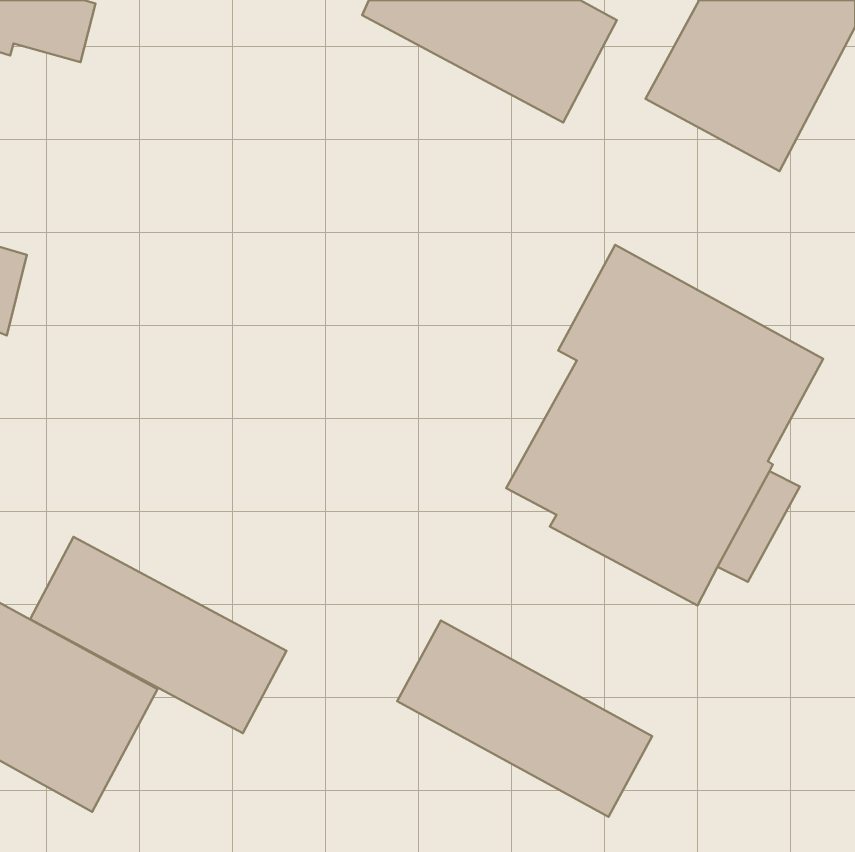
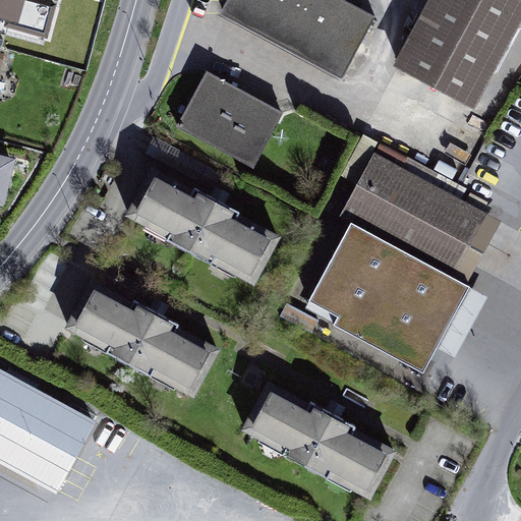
building: none -> [177,71,282,166]
building: none -> [124,165,281,284]
building: [30,537,287,733] -> [63,277,219,396]

